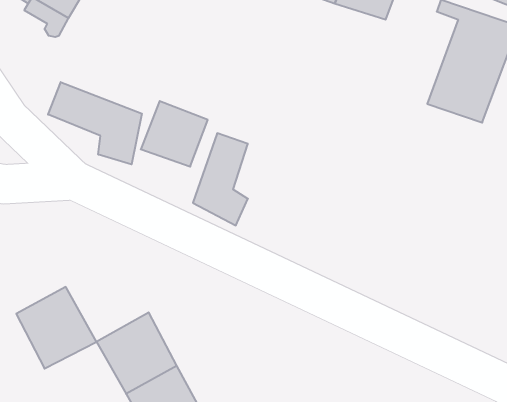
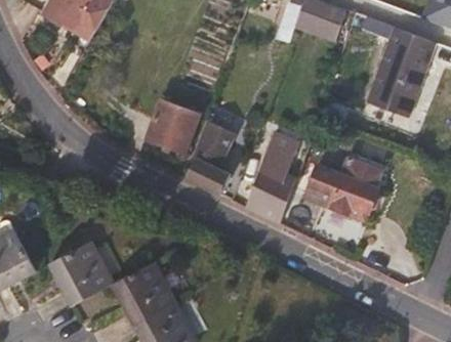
building: [48,82,142,164] -> none
building: none -> [251,134,297,224]
building: none -> [304,159,381,218]

